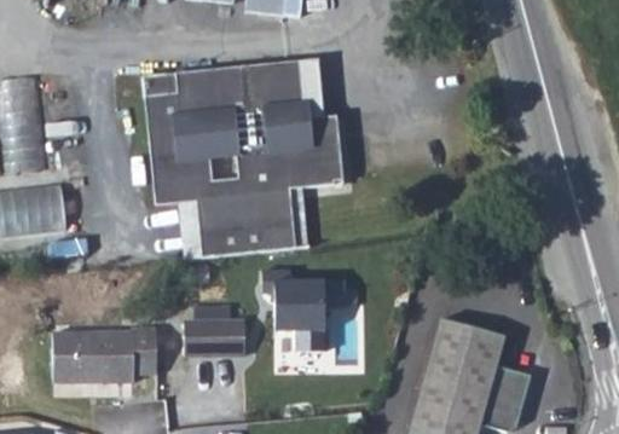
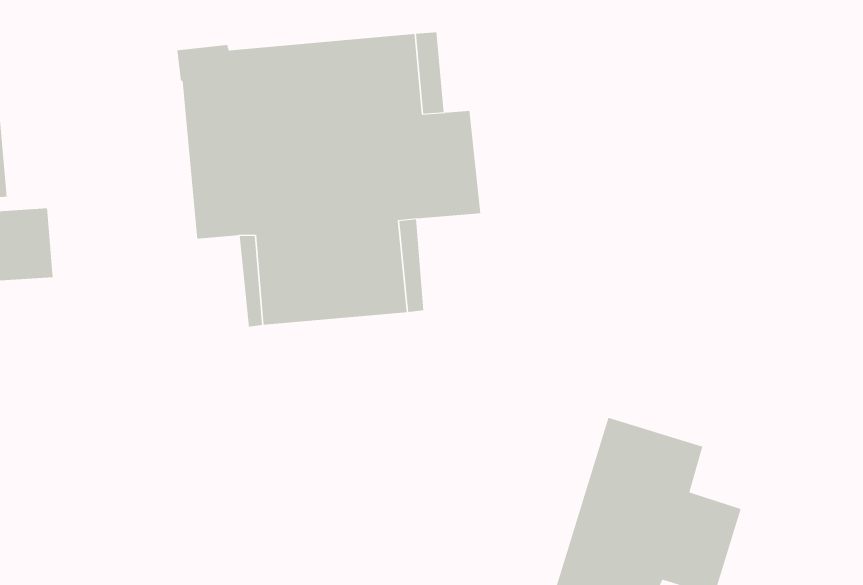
building: [255,271,319,346] -> none
building: [179,325,241,358] -> none
building: [50,326,151,380] -> none

